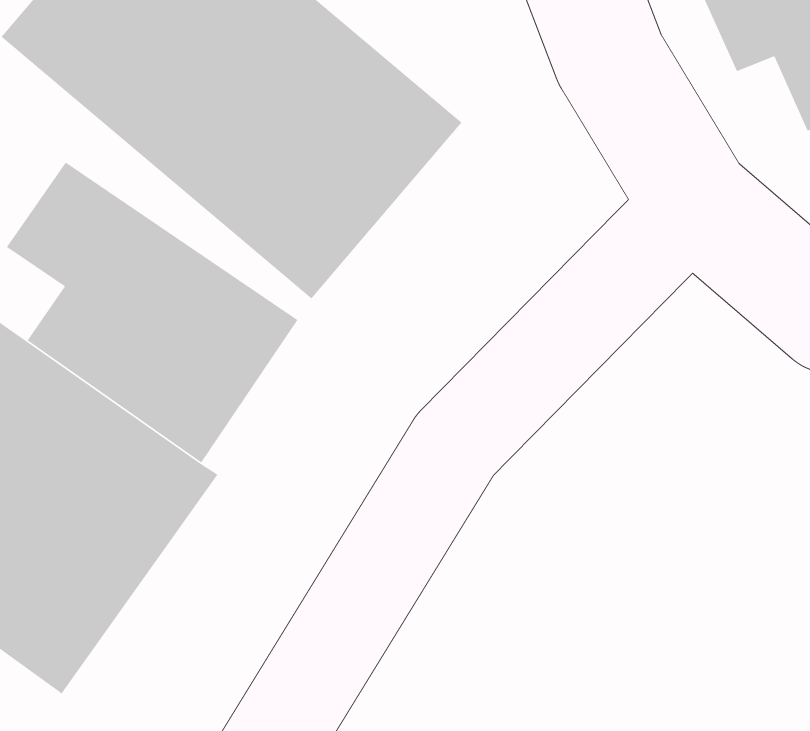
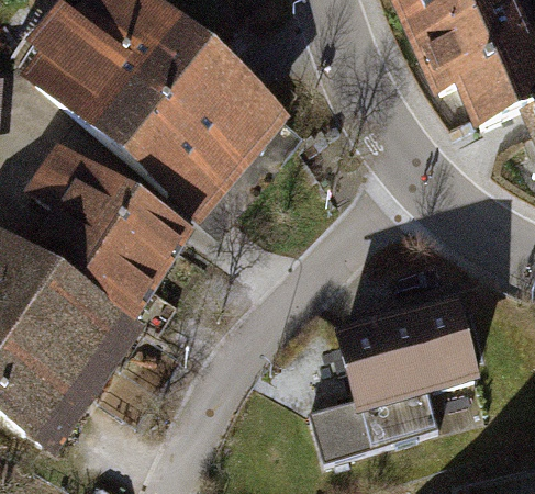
building: none -> [312,297,481,458]

